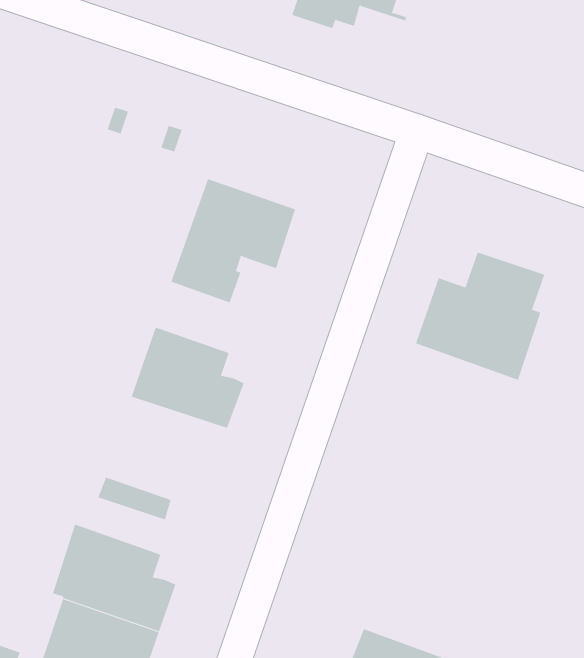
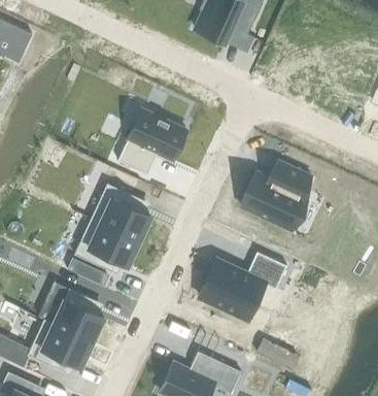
building: none -> [74,219,139,272]
building: none -> [200,251,287,319]

